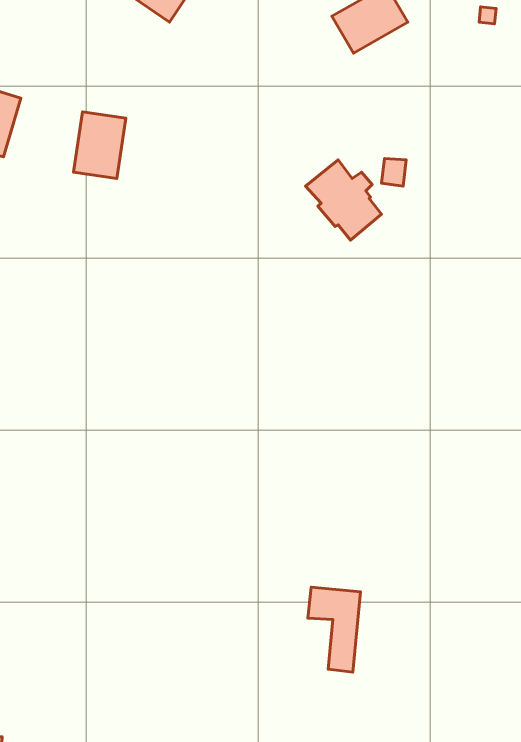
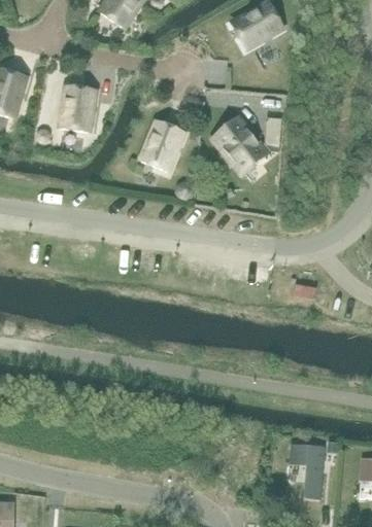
building: none -> [141,121,183,171]
building: [308,587,361,672] -> [290,443,325,499]

